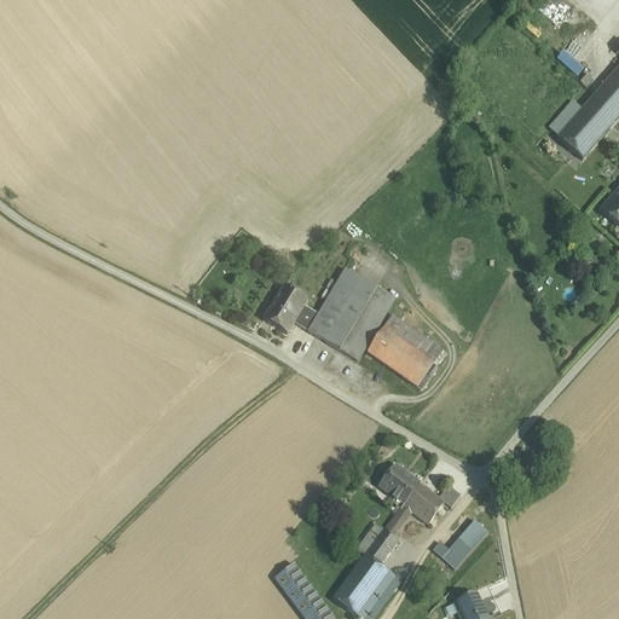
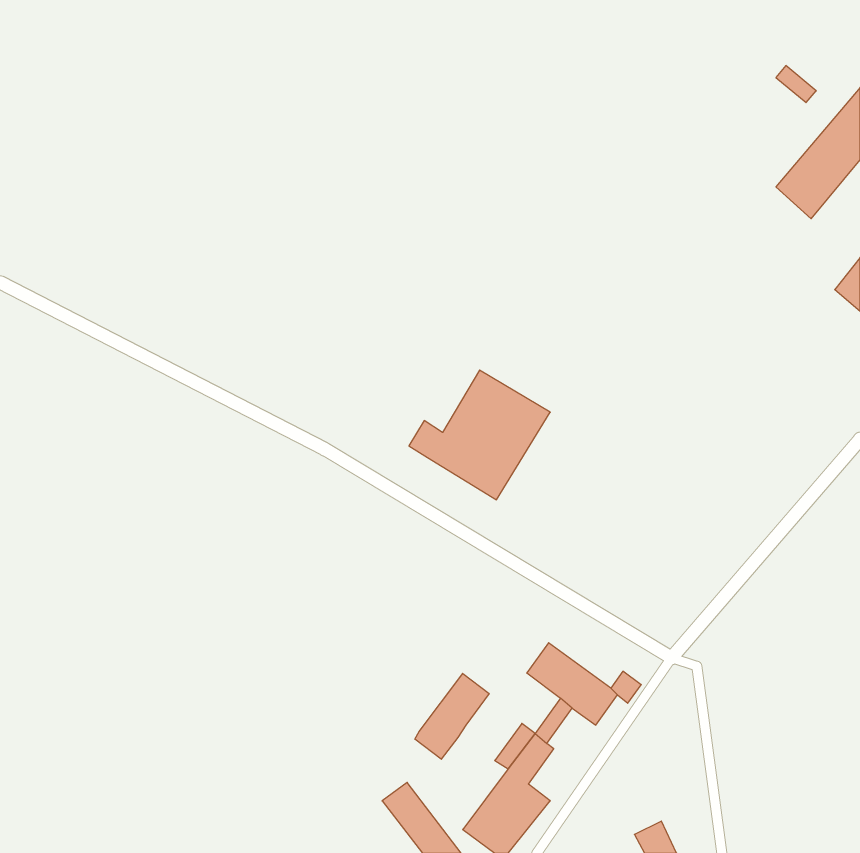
building: [262,283,308,331] -> none
building: [366,313,442,386] -> none
building: none -> [415,673,489,759]
building: [433,517,487,567] -> none

